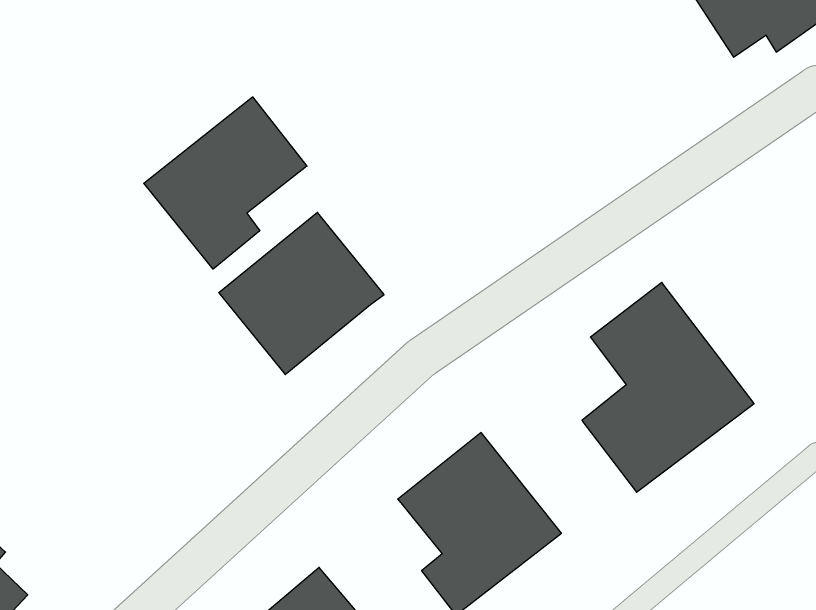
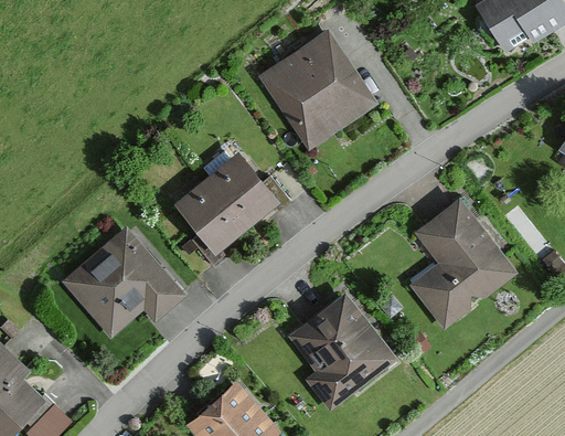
building: none -> [253,26,379,153]
building: [144,97,307,269] -> none
building: none -> [63,225,186,332]

